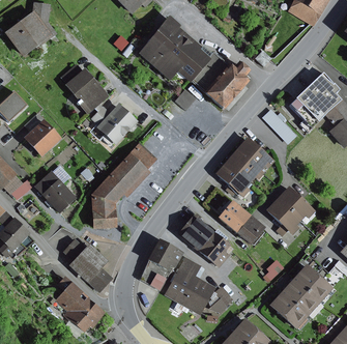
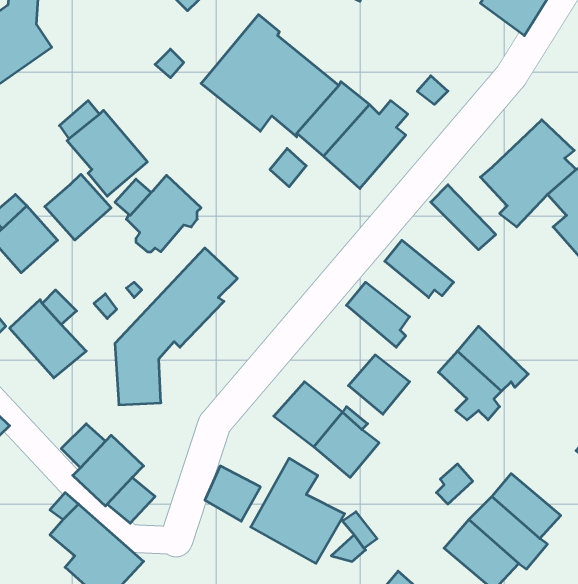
building: none -> [45,174,111,240]
building: [227,149,264,179] -> none
building: [236,214,265,243] -> none
building: [148,239,183,273] -> none

